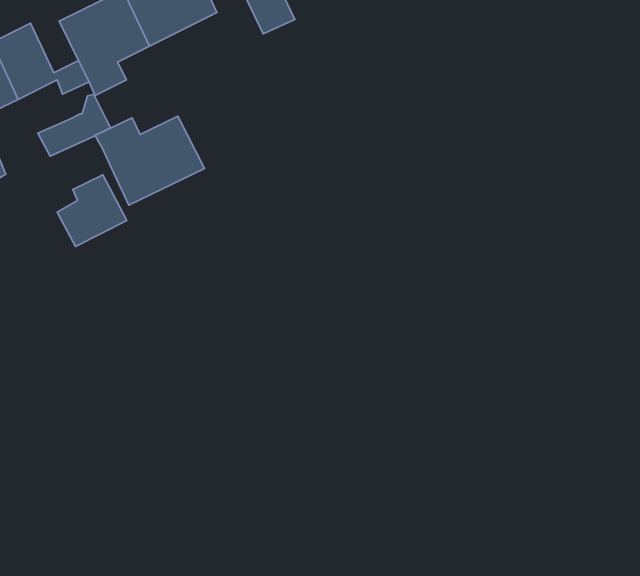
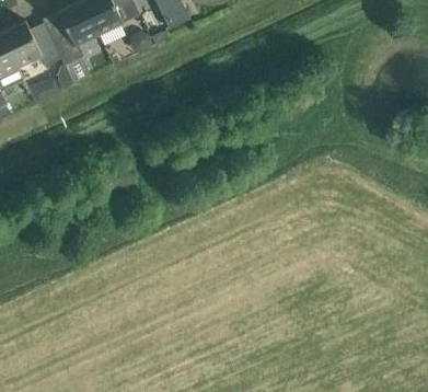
building: [94,116,205,205] -> none
building: [57,175,127,246] -> none

